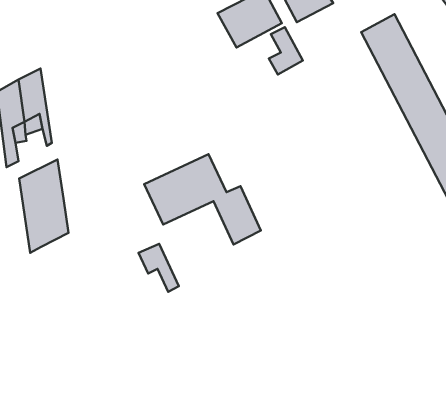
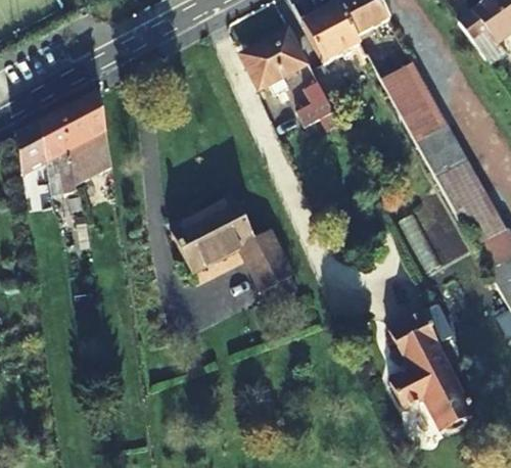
building: [19,159,68,253] -> [61,93,111,188]
building: [139,244,179,292] -> none
building: none -> [388,303,469,428]

